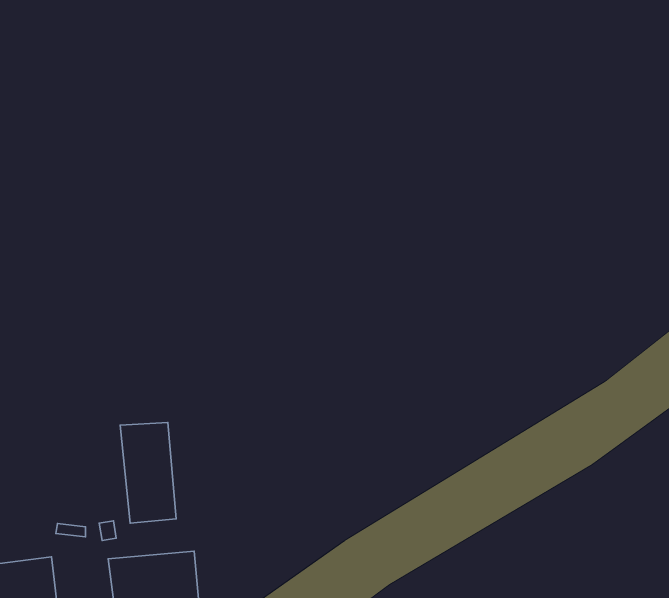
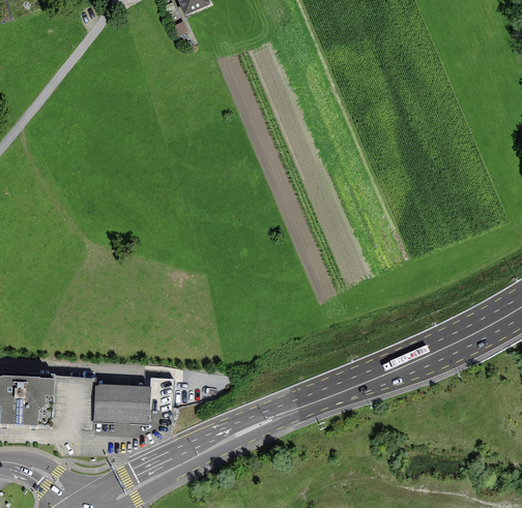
building: [120,422,176,523] -> none

